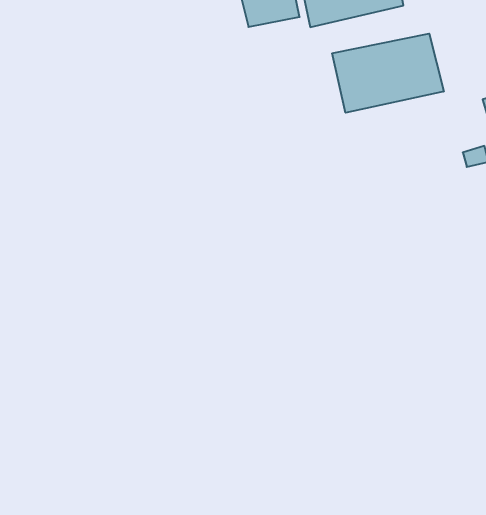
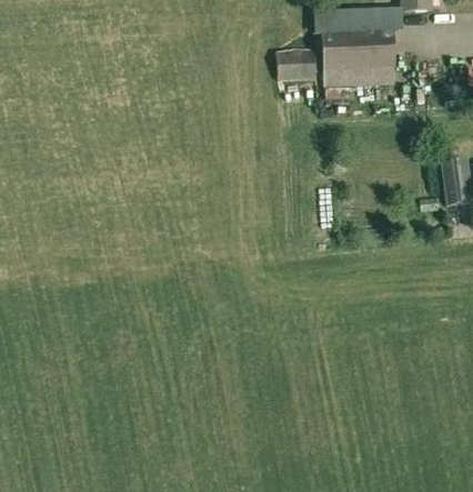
building: [332,34,444,113] -> none

